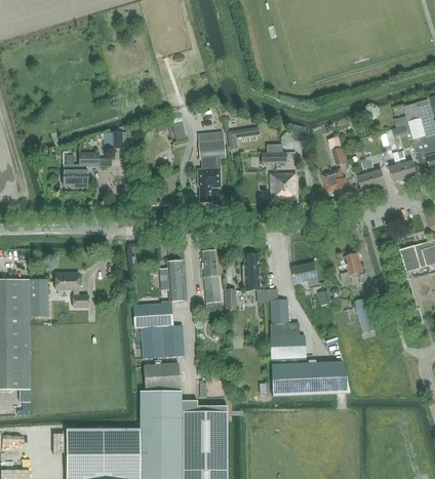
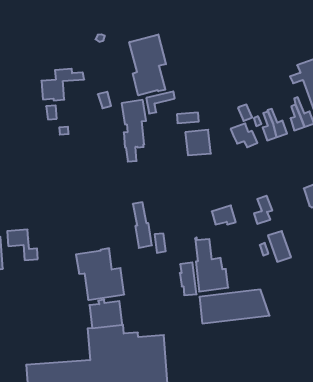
building: none -> [129,34,166,95]
building: [63,153,112,188] -> [41,69,84,100]
building: [242,254,260,291] -> [180,262,197,295]
building: [167,262,184,302] -> none

